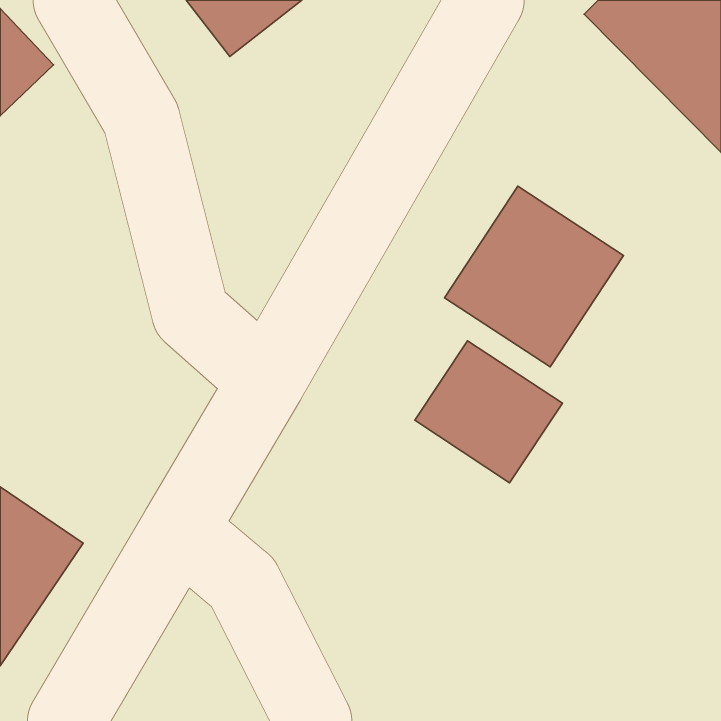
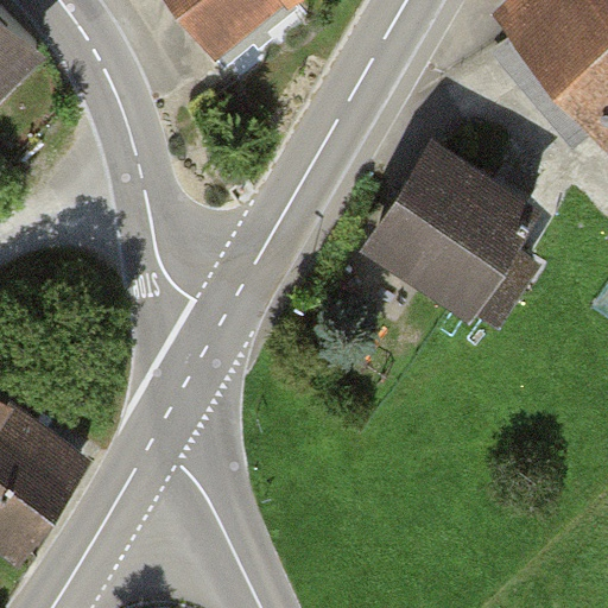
building: [415,341,562,483] -> none

